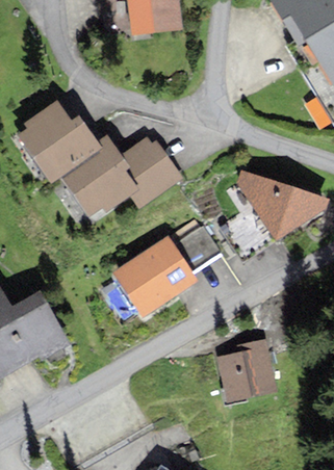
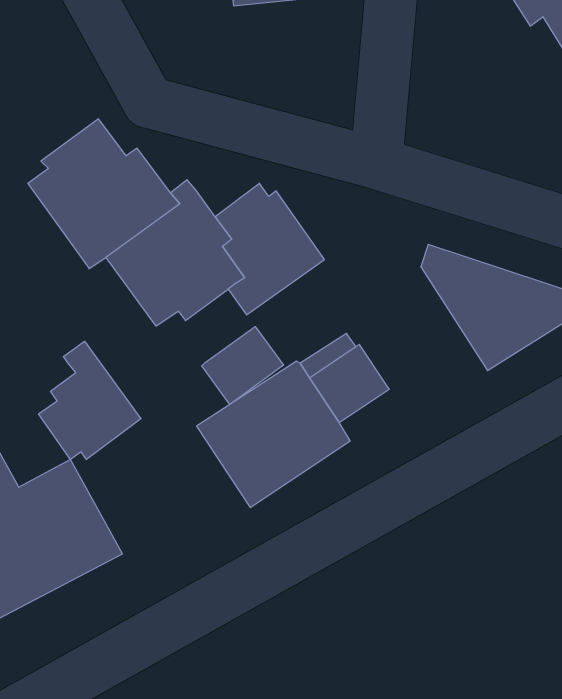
building: none -> [202,327,284,404]
building: none -> [39,341,141,459]
building: [216,338,277,402] -> none

